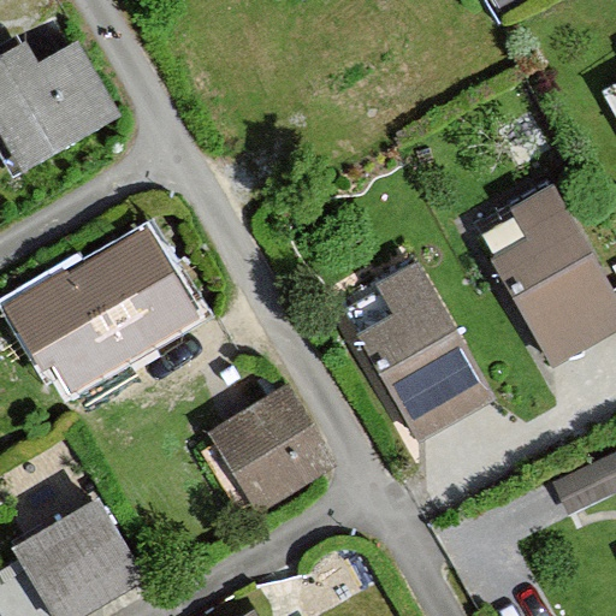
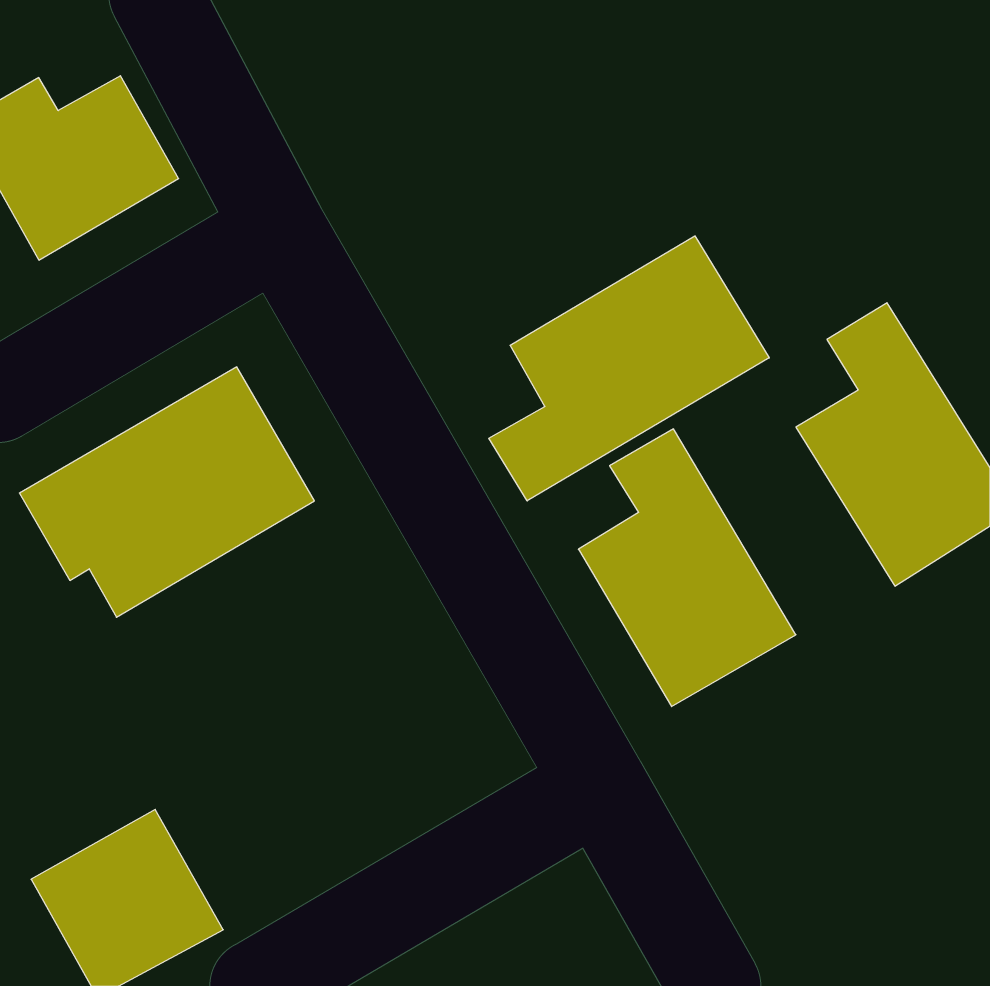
building: none -> [489,236,769,501]
building: [218,392,328,502] -> none

